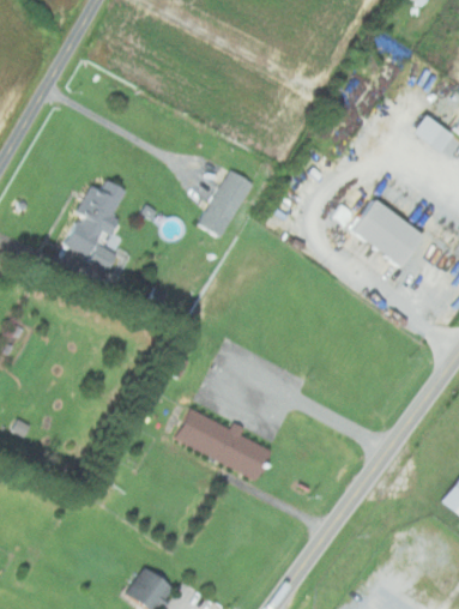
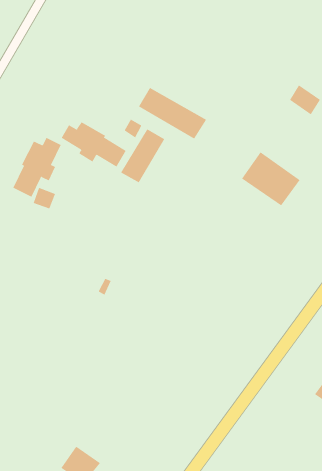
building: none -> [138,87,207,140]
building: none -> [61,122,126,168]
building: [174,409,271,480] -> none

